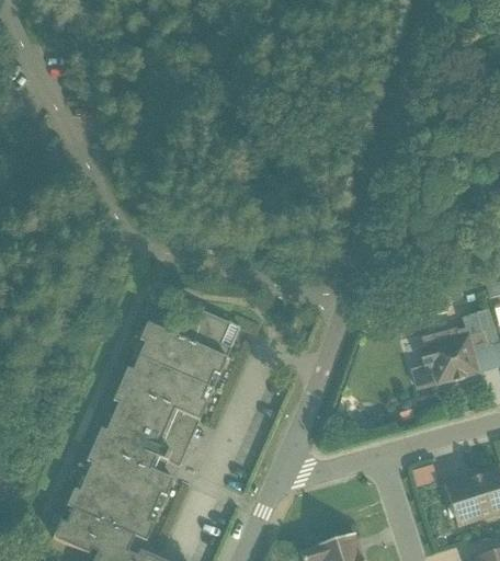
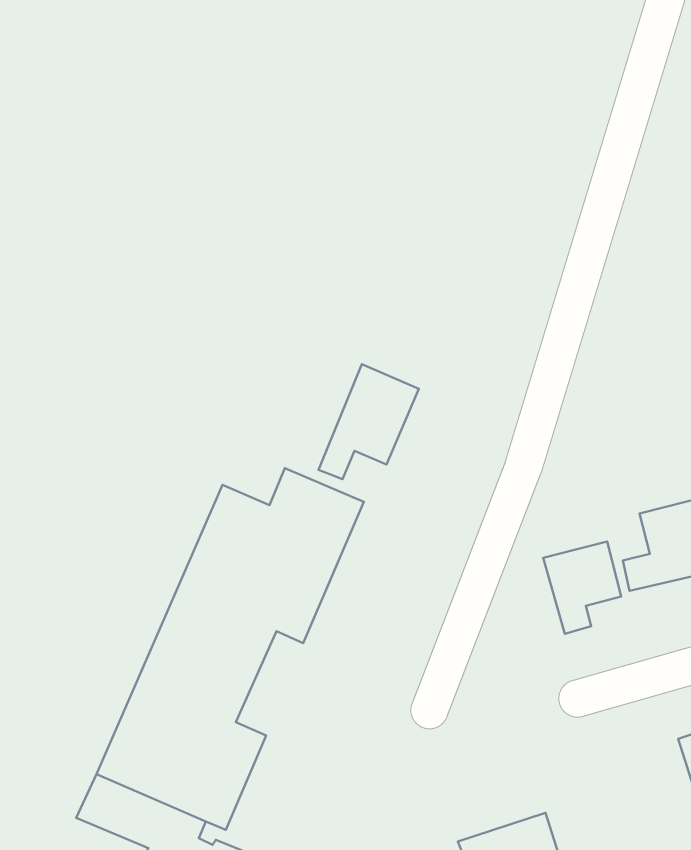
building: none -> [318,364,419,479]
building: none -> [543,541,621,634]

